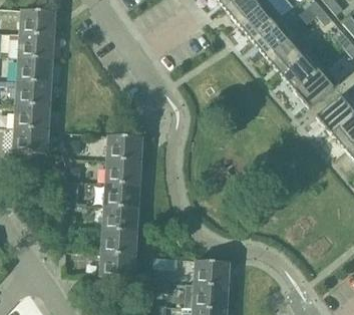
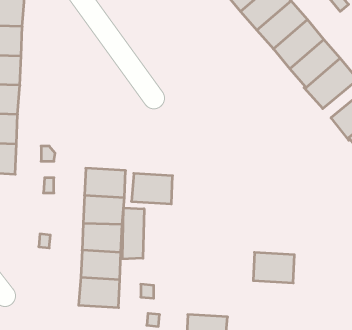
building: [106,134,141,161] -> [131,173,173,204]
building: none -> [121,208,144,259]
building: [194,260,229,286] -> [253,252,294,283]

